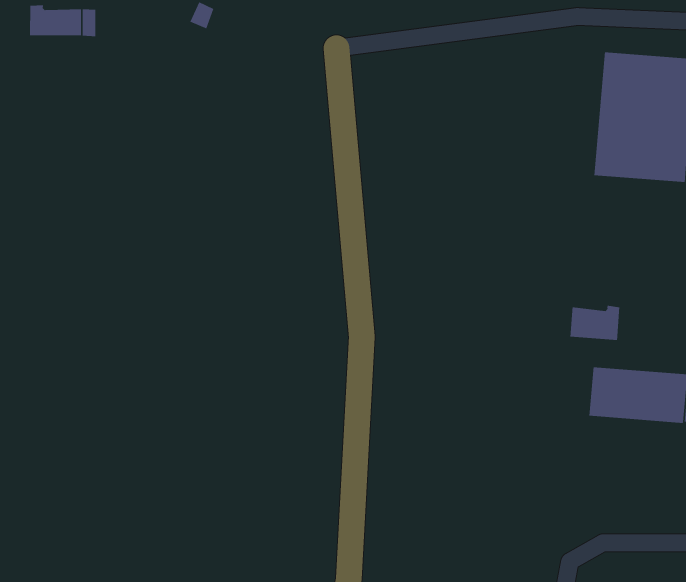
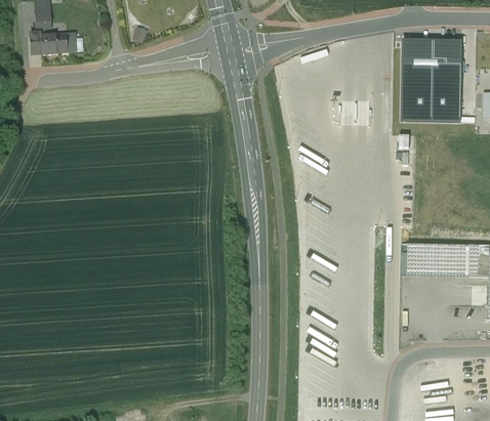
building: [570,305,620,341] -> none

